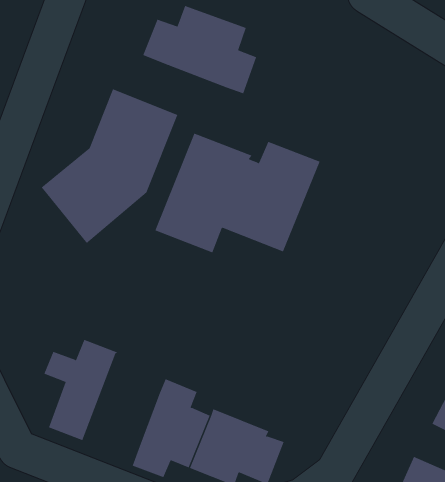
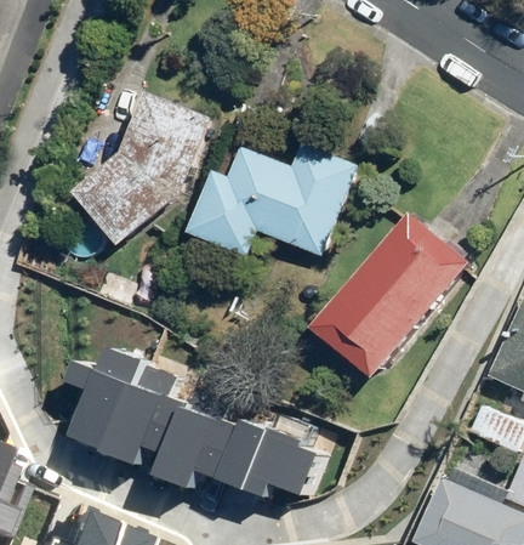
building: [143,5,257,94] -> none
building: none -> [313,214,473,384]
building: none -> [113,362,192,464]

